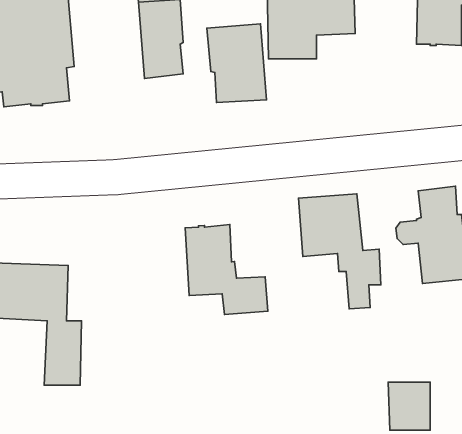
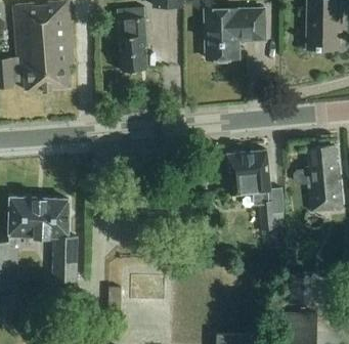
building: [207,24,267,102] -> none
building: [185,225,268,314] -> none

